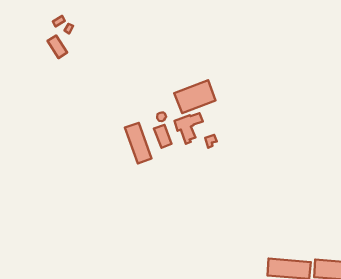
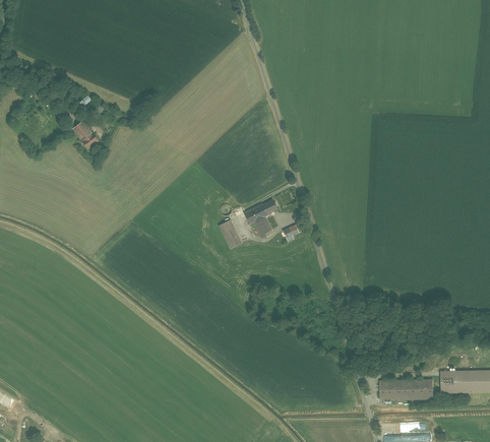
building: [174,80,216,113] -> none
building: [125,123,151,164] -> none

